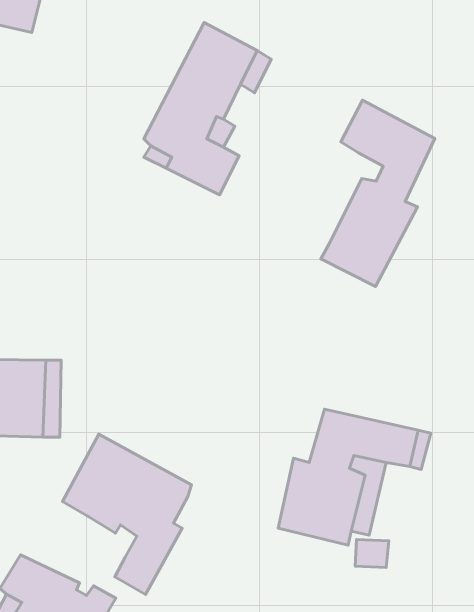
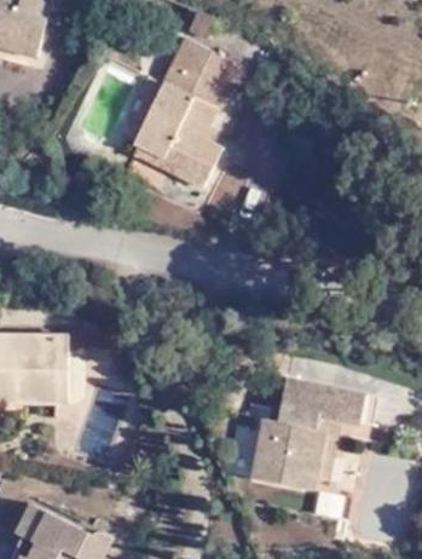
building: [321,100,435,286] -> none
building: [62,434,192,594] -> none

